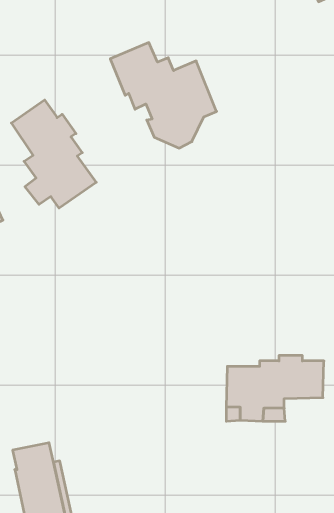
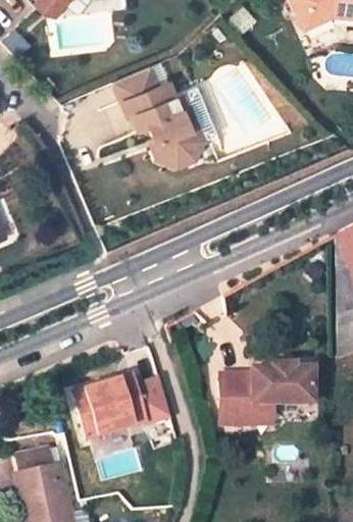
building: [11,100,96,208] -> none
building: none -> [74,374,171,438]

